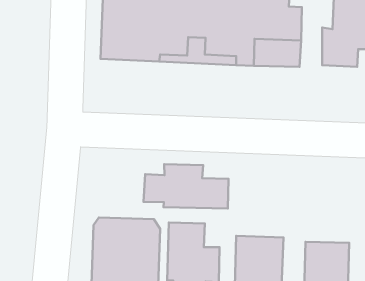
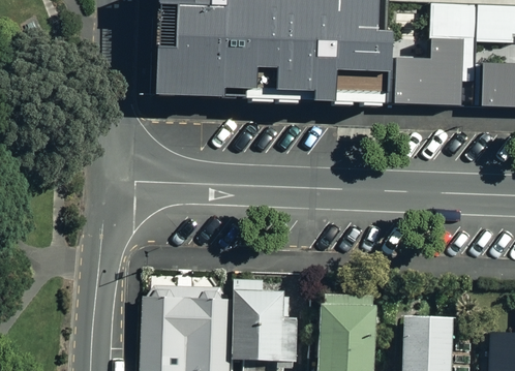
building: [143,164,229,208] -> none

